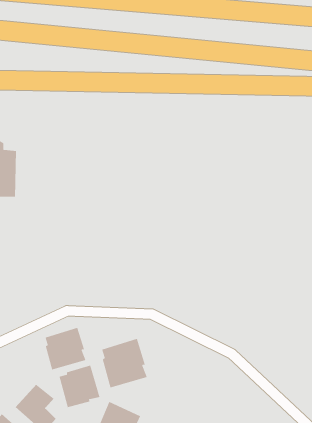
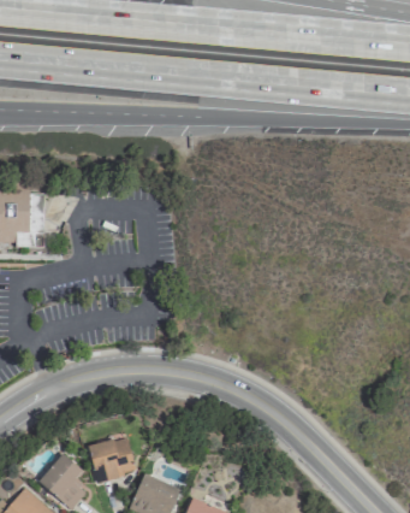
building: [44,327,87,371] -> none
building: [101,338,148,389] -> none

